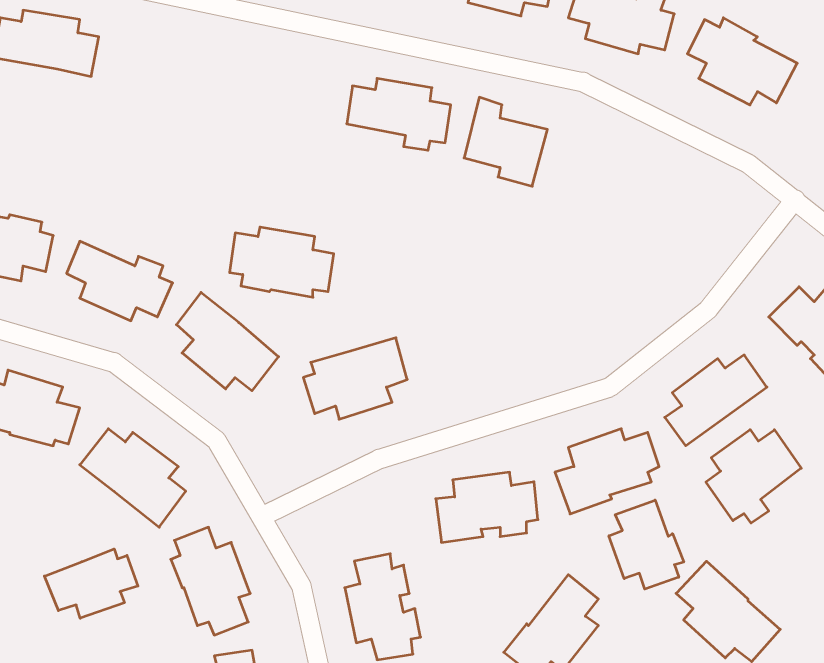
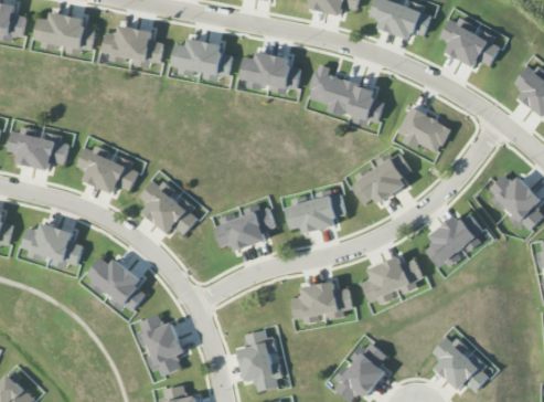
building: none -> [102,25,163,68]
building: none -> [350,86,384,123]
building: none -> [397,107,451,154]
building: [230,227,334,297] -> [171,39,232,80]
building: none -> [351,152,412,204]
building: none -> [284,190,345,233]
building: [706,430,801,523] -> none
building: [609,500,684,589] -> none
building: [44,549,138,618] -> none

